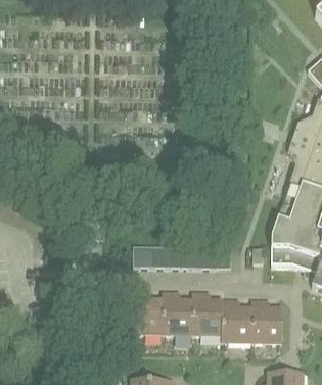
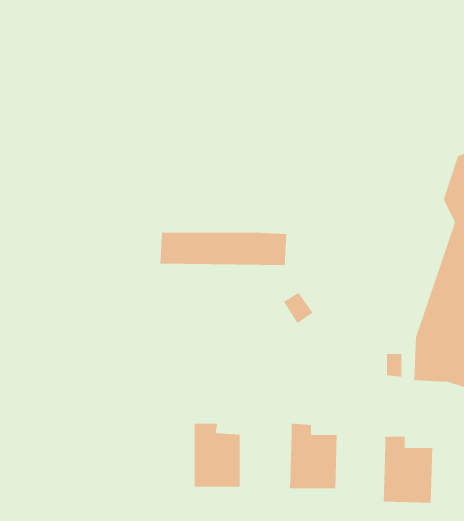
building: [140,245,221,267] -> [160,232,287,266]
building: [165,291,196,333] -> none
building: [225,298,256,341] -> none

